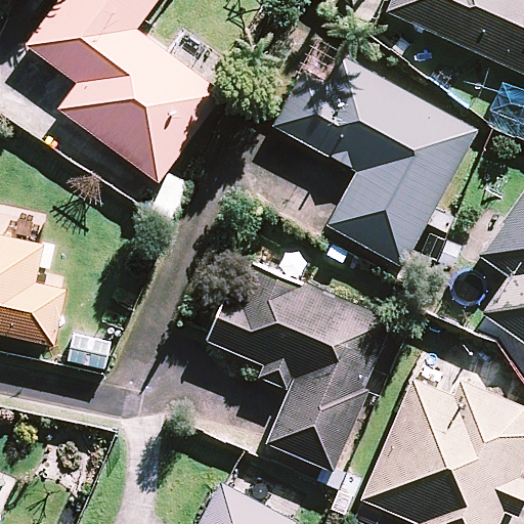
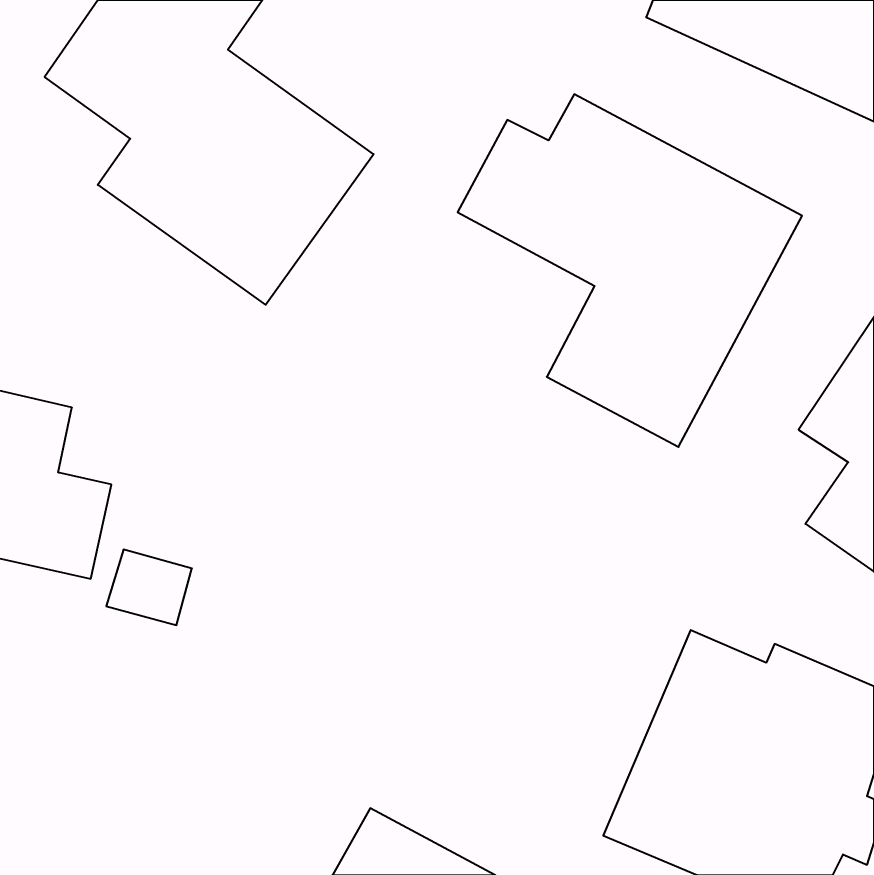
building: [206,263,392,473] -> none

